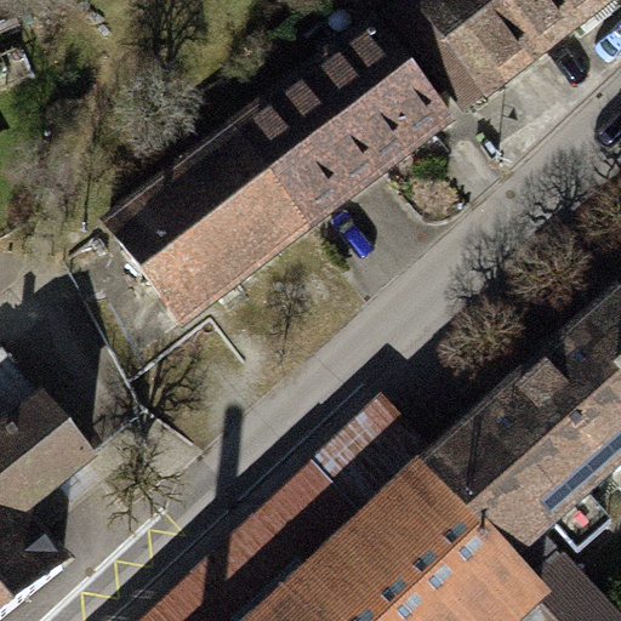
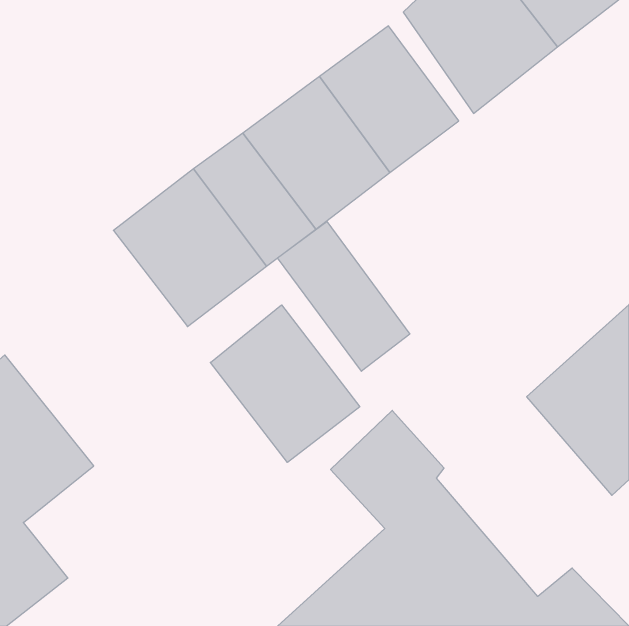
building: none -> [277,221,410,371]
building: none -> [210,305,360,462]
building: [429,391,602,587] -> none

